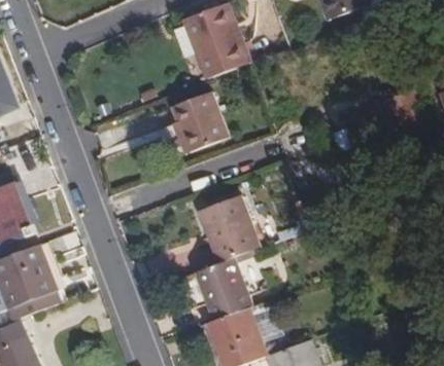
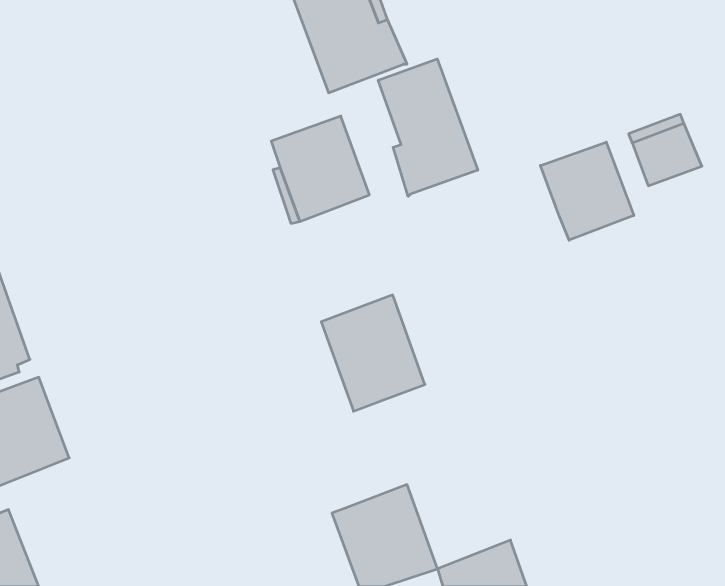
building: none -> [378,59,478,196]
building: none -> [540,142,634,240]
building: [198,258,253,320] -> none

